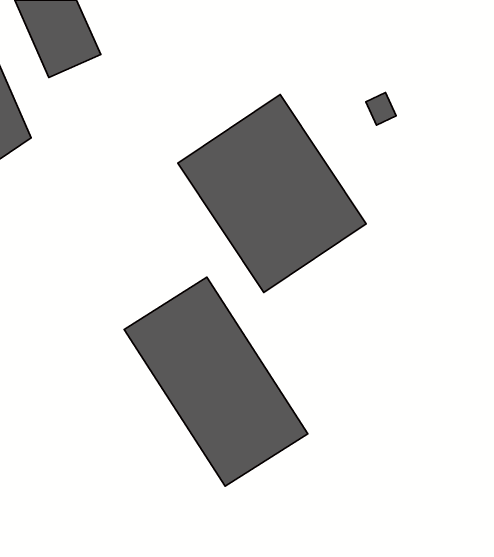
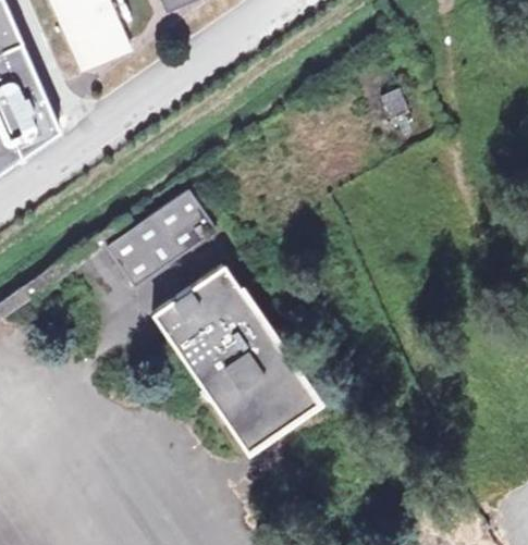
building: [178,95,366,292] -> none
building: none -> [101,188,214,286]

